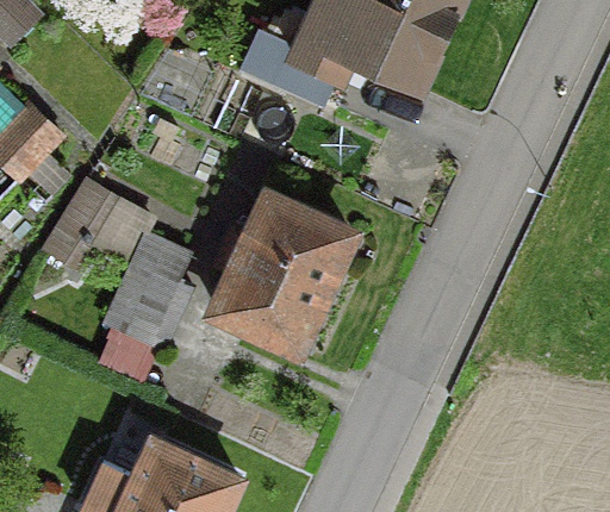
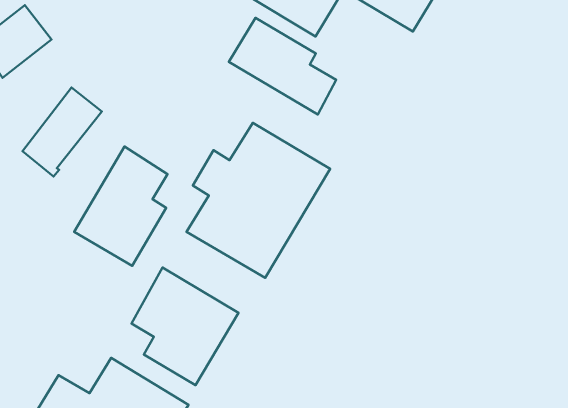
building: none -> [229,18,336,115]
building: none -> [131,268,239,385]

